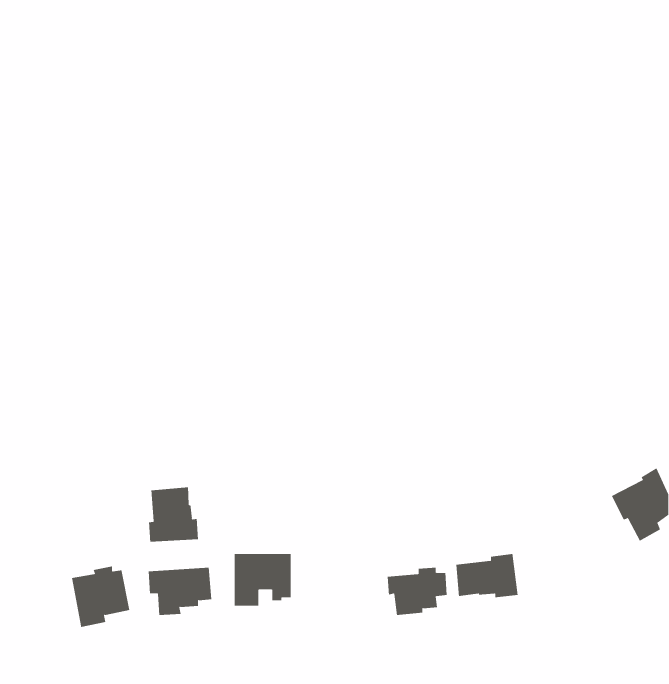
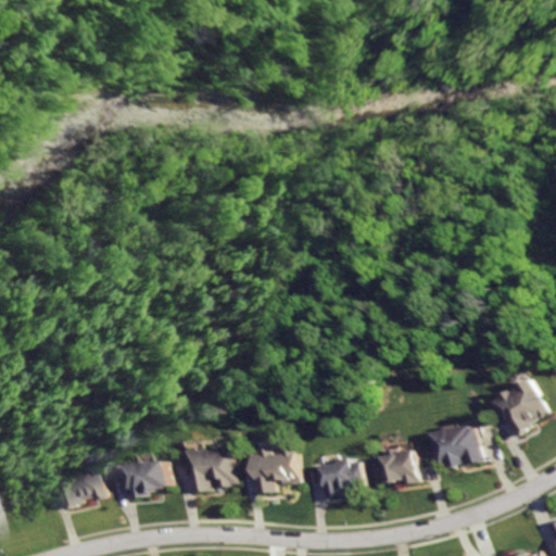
building: [148,487,199,542] -> none
building: none -> [429,425,481,466]
building: none -> [254,454,298,492]

